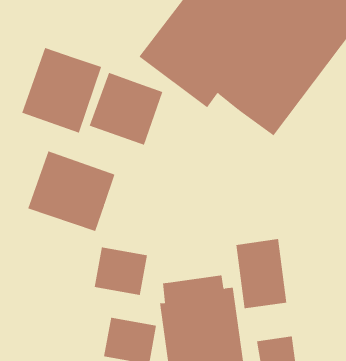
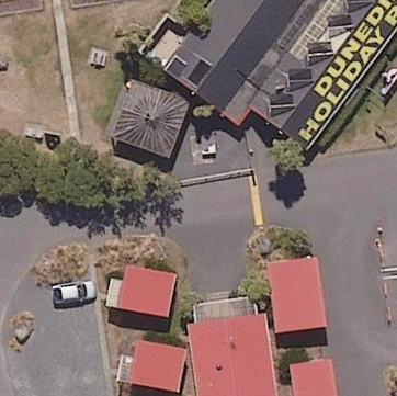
building: [21,47,102,133] -> none
building: [28,150,115,232] -> none

